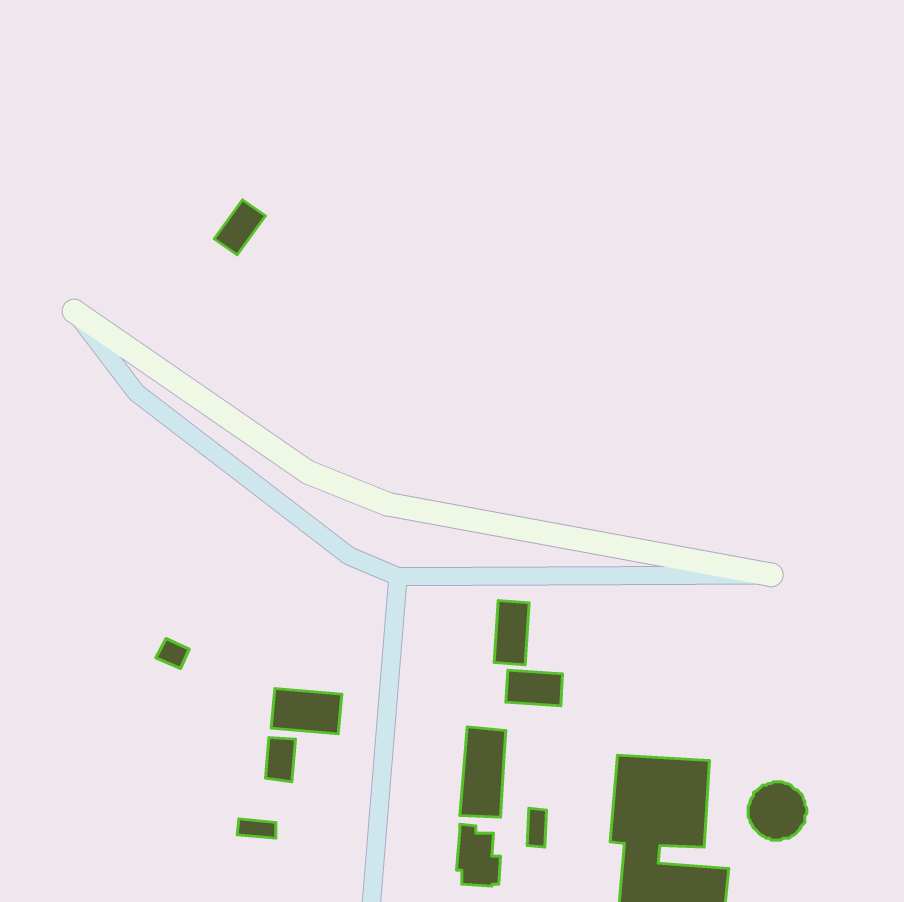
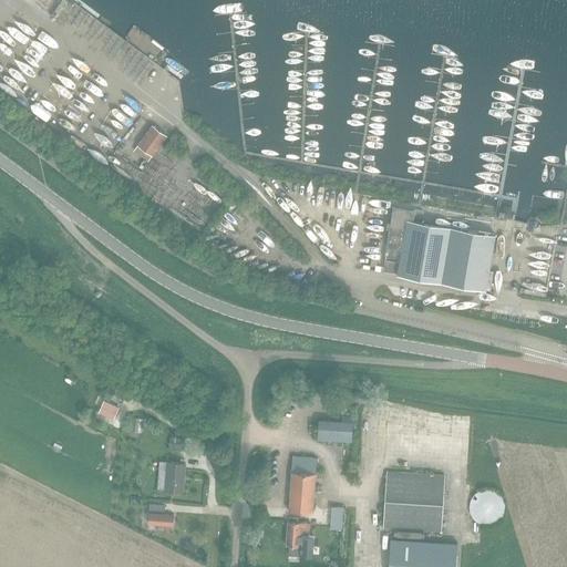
building: none -> [383,208,494,290]
building: [494,601,529,665] -> none
building: [271,689,342,734] -> none

